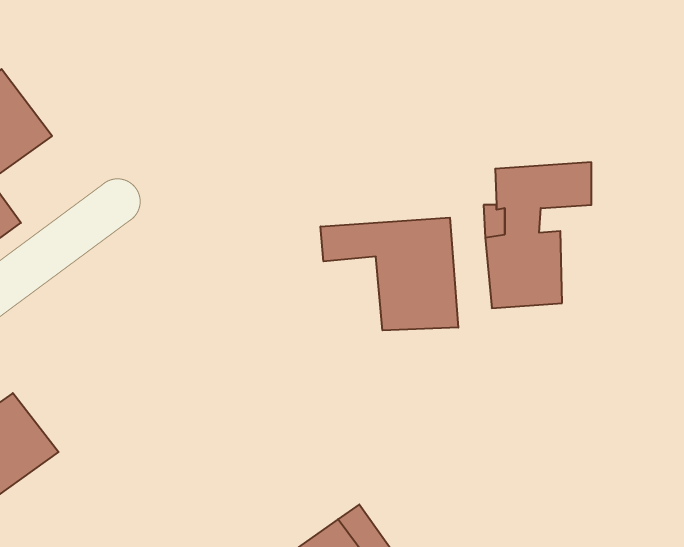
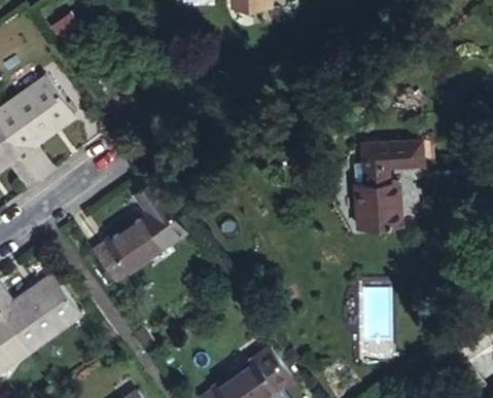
building: [321,218,458,330] -> none
building: none -> [98,213,174,283]

